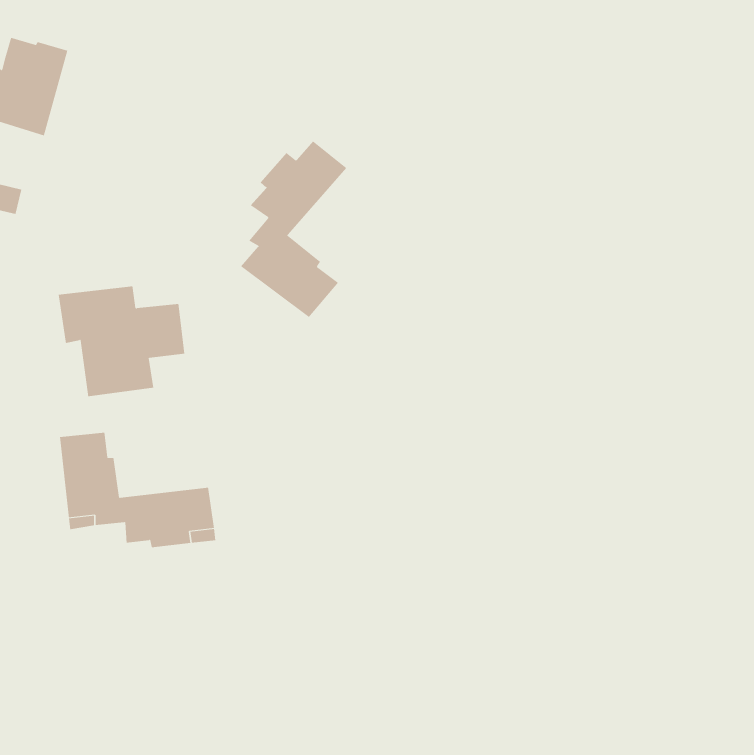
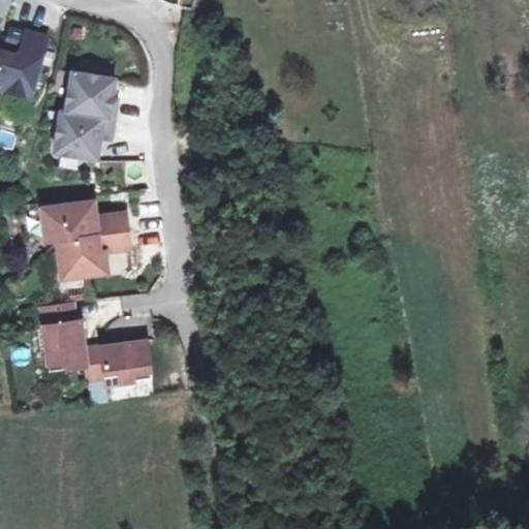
building: none -> [54,71,117,155]
building: [240,141,347,318] -> none

